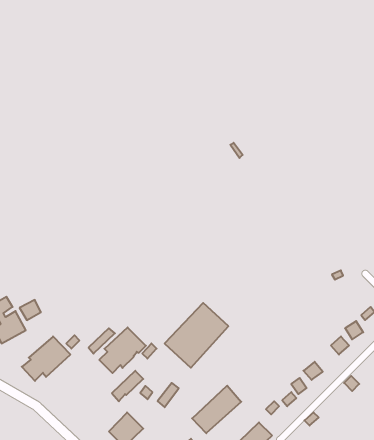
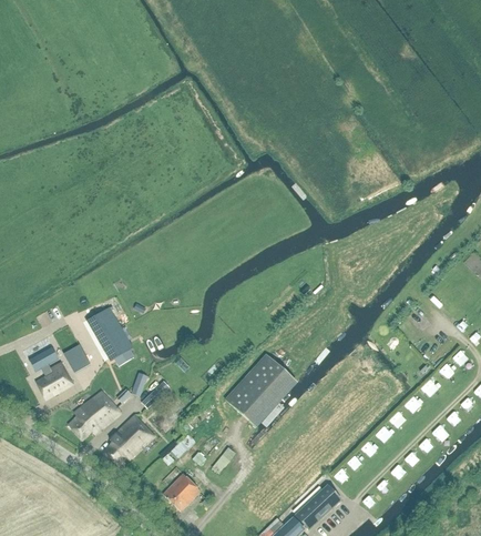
building: none -> [86,306,133,360]
building: [99,327,146,373] -> [103,415,154,465]
building: [192,386,241,433] -> none

